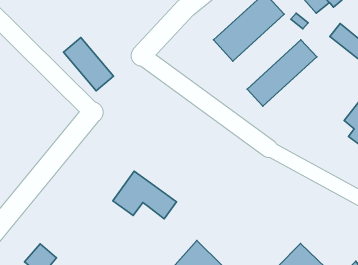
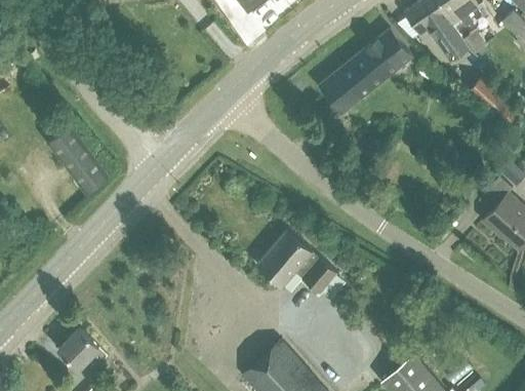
building: [64,37,113,91] -> [48,124,110,194]
building: [247,40,317,106] -> none
building: [113,171,176,219] -> [258,230,339,294]

